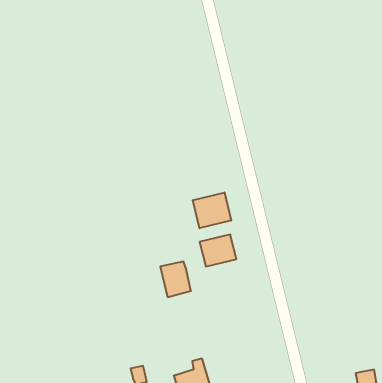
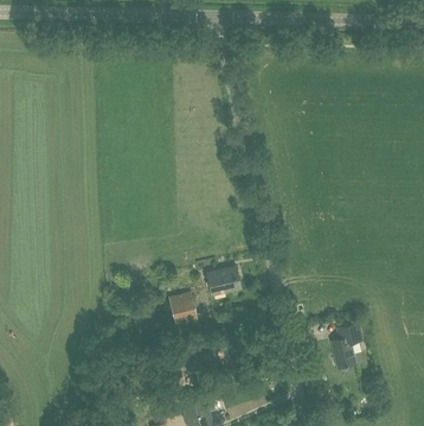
building: [193,192,231,228] -> none
building: none -> [332,322,362,371]

